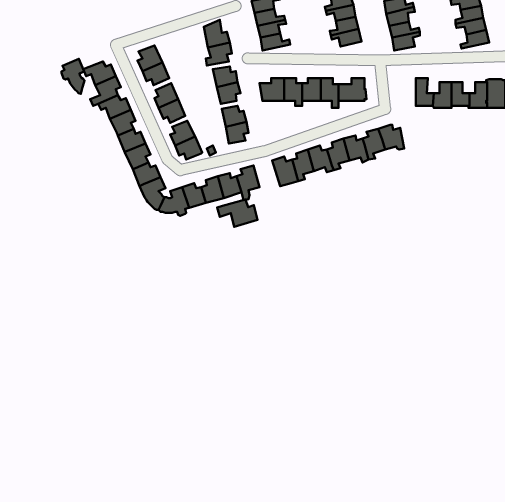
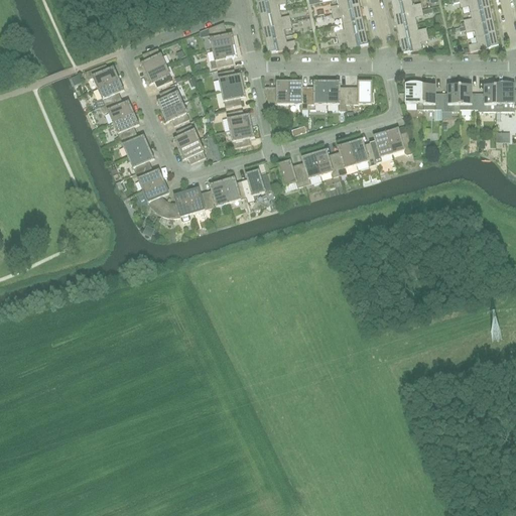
building: [61,59,85,94] -> none
building: none -> [404,80,423,108]
building: [217,200,258,227] -> none

